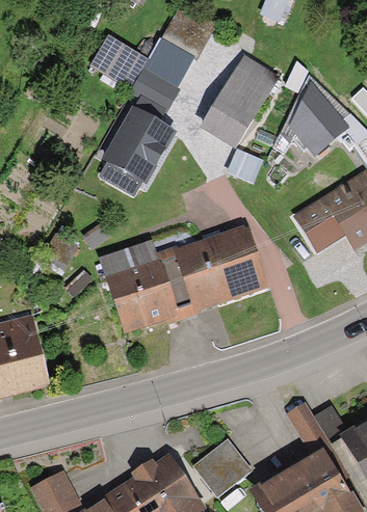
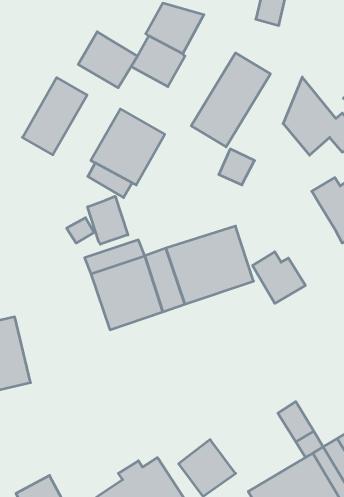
building: [130,70,182,113] -> none
building: none -> [22,78,87,155]
building: [291,196,343,247] -> [253,252,305,303]
building: none -> [88,196,128,244]

